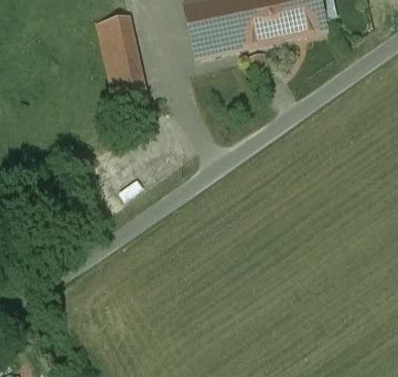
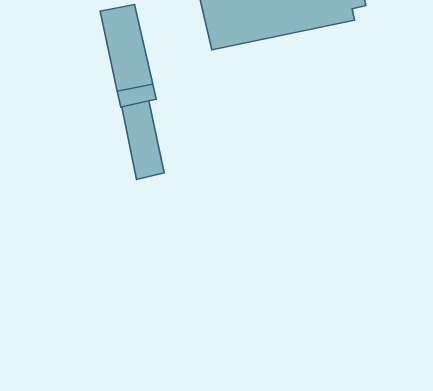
building: none -> [122,101,164,180]

